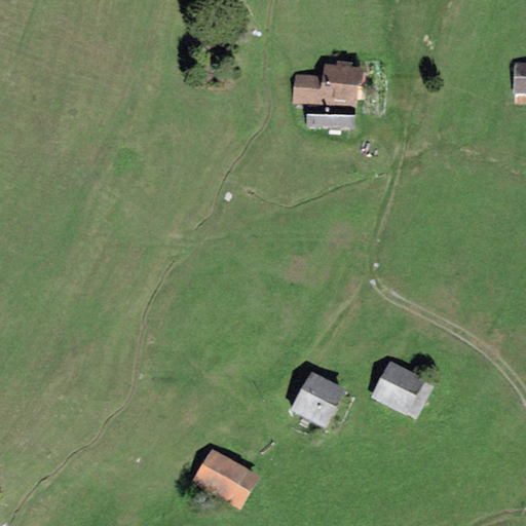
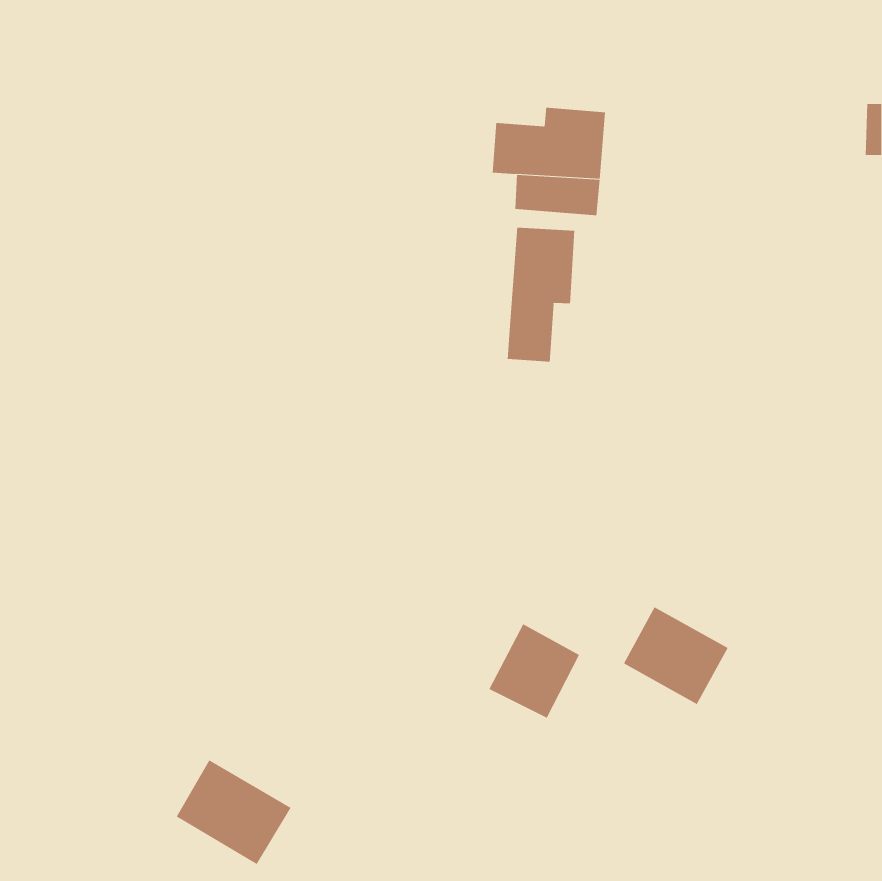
building: none -> [507,227,575,363]
building: [191,447,260,510] -> [176,760,292,865]

